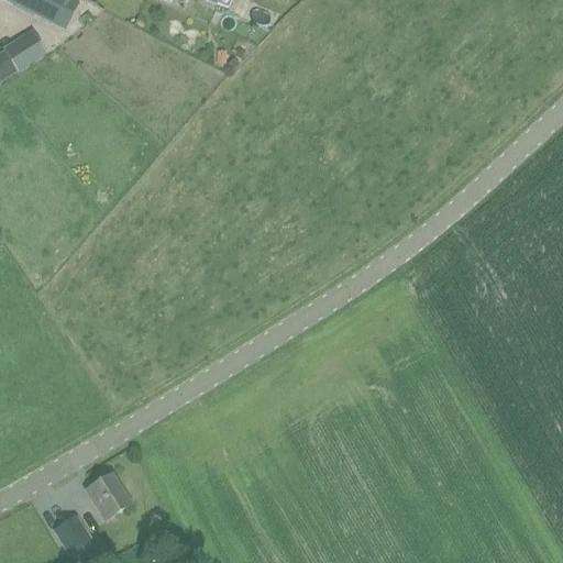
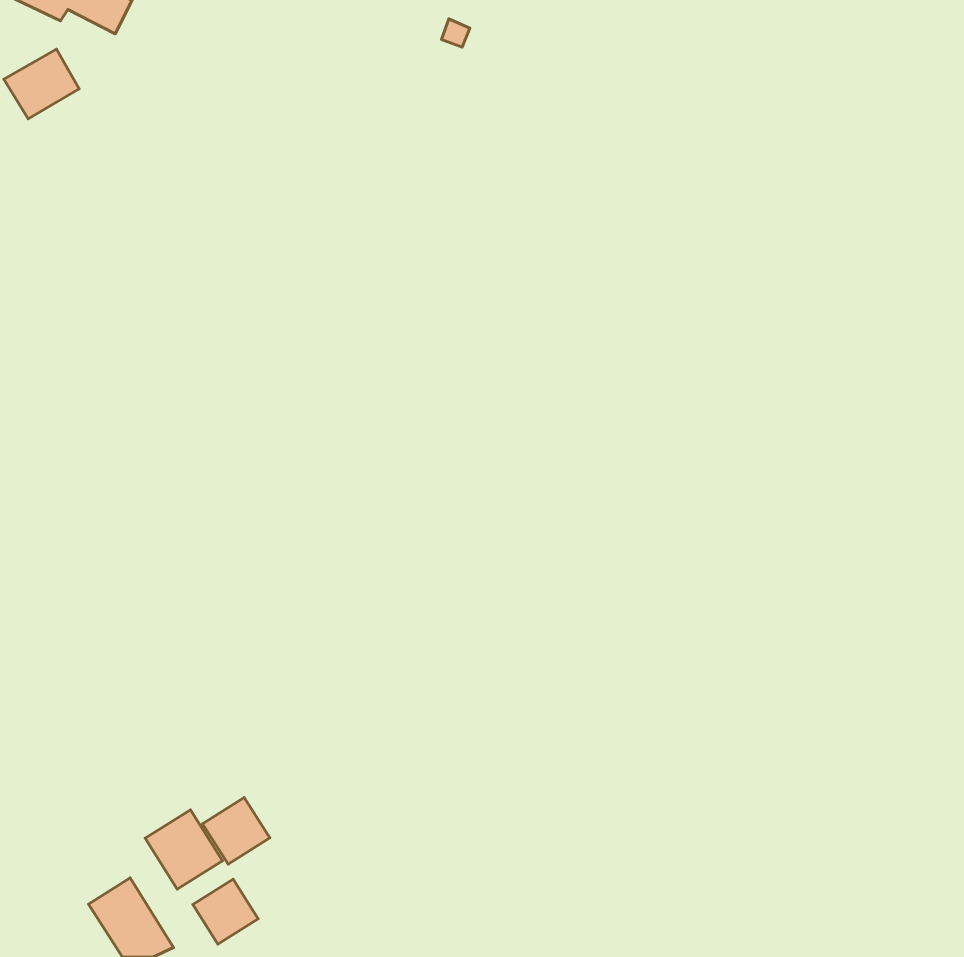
building: none -> [202,797,270,864]
building: none -> [193,879,258,944]

